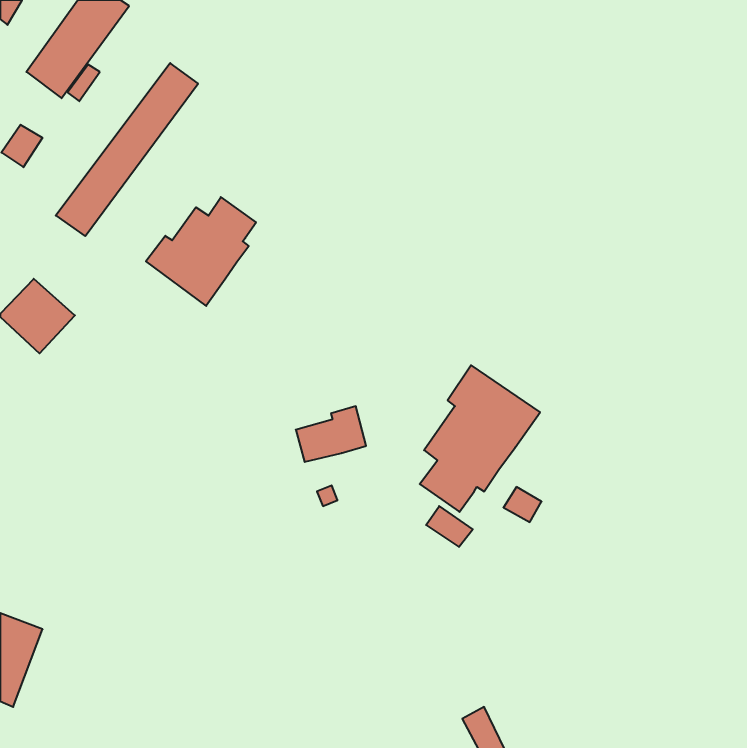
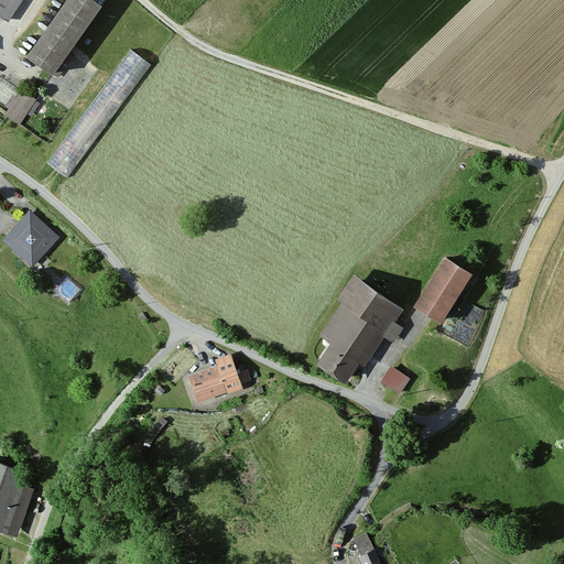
building: [146,197,256,306] -> none
building: none -> [410,254,470,323]
building: [296,406,366,462] -> [187,358,240,400]
building: [426,506,473,547] -> none

